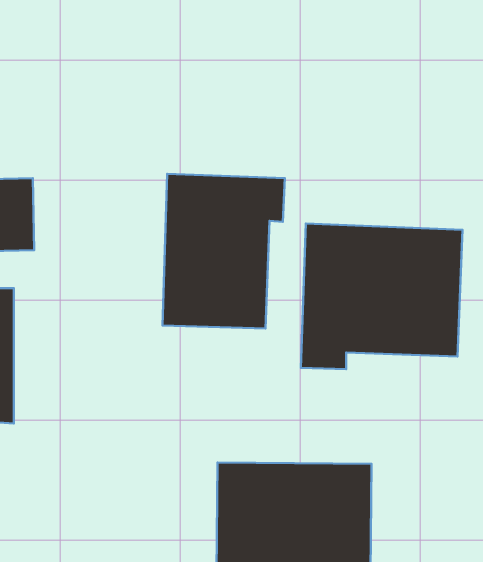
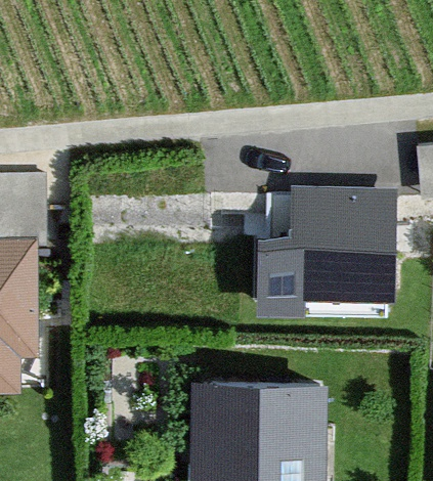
building: [163,174,285,328] -> none

